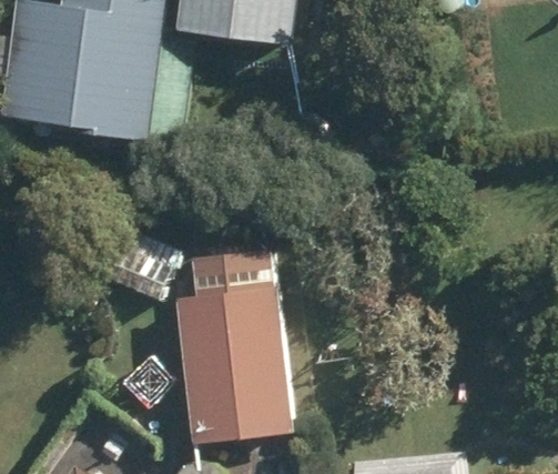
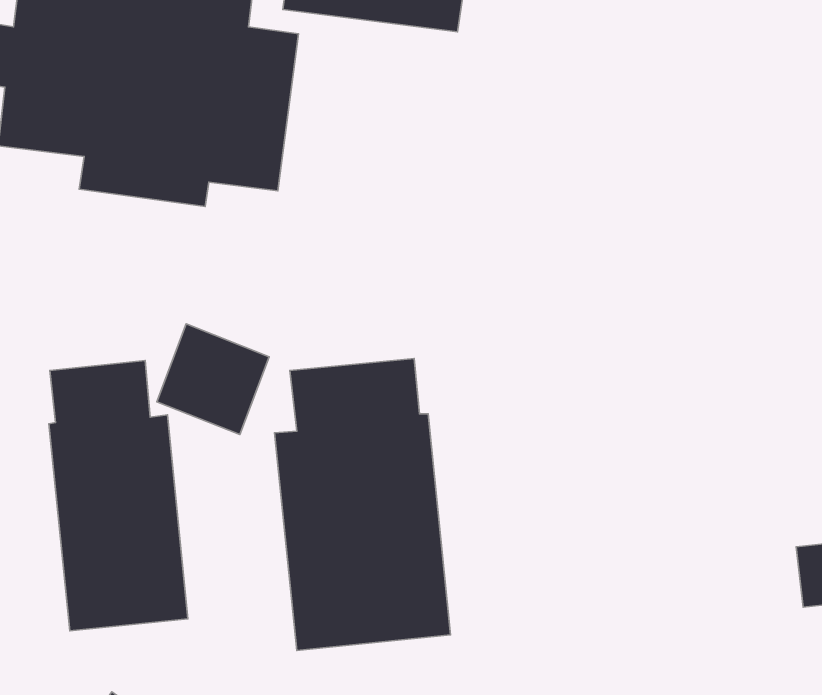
building: none -> [49,360,188,631]

